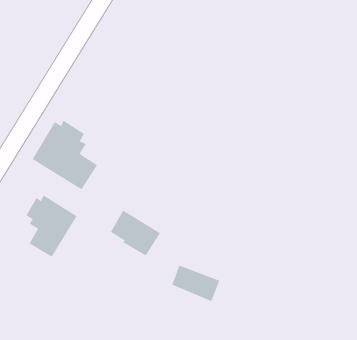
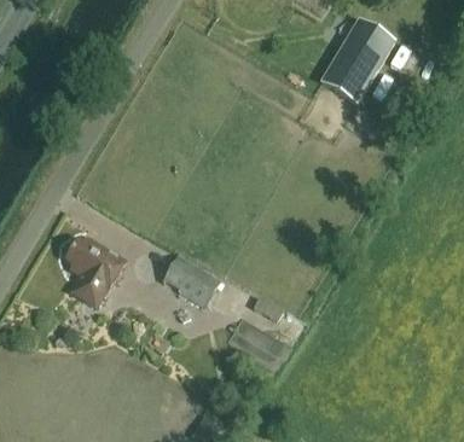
building: none -> [319,19,393,103]
building: [32,120,98,190] -> none

